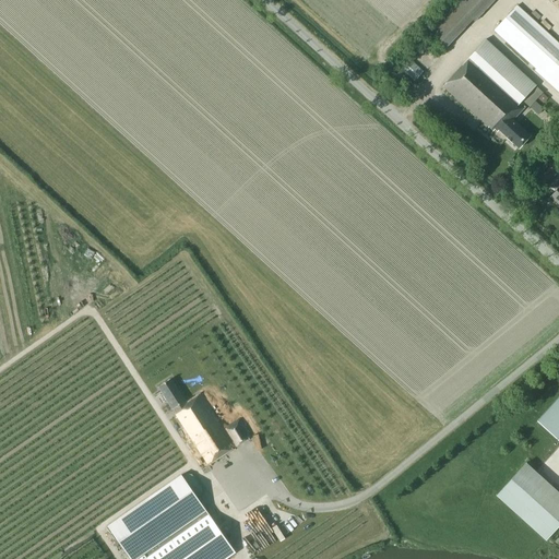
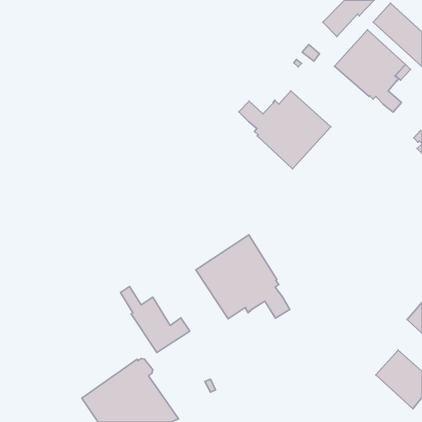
building: none -> [239,91,331,169]
building: none -> [196,235,290,319]

